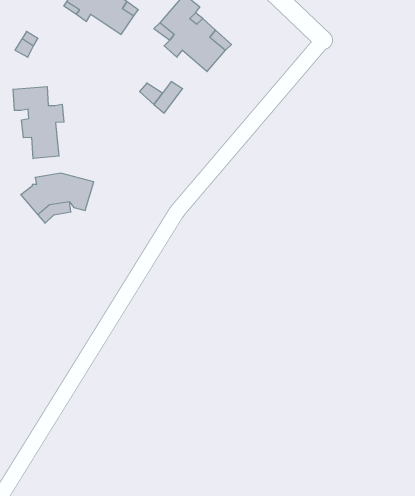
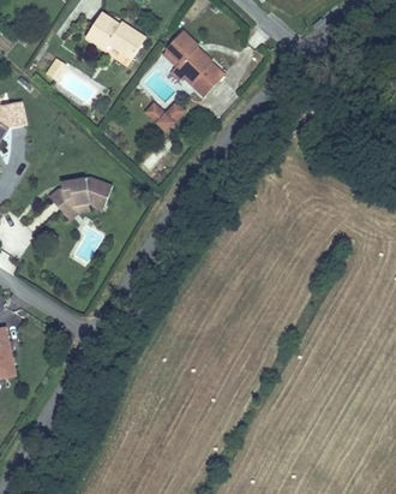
building: [13,87,64,159] -> none

